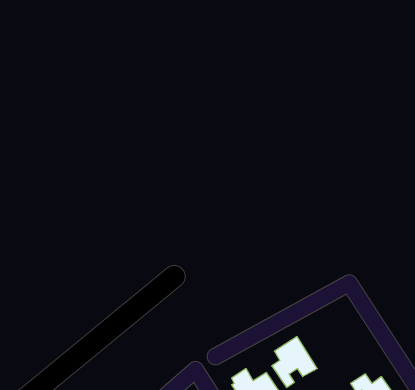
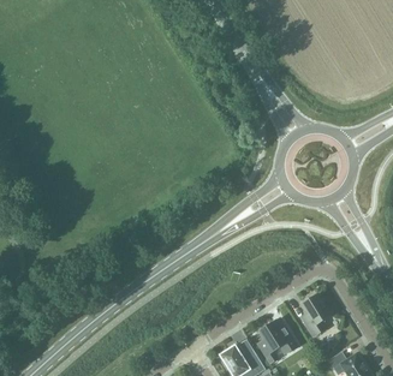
building: none -> [300,294,329,336]

